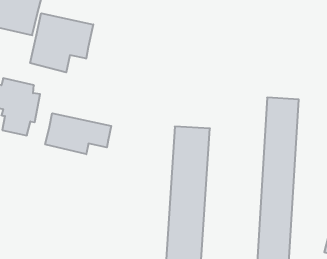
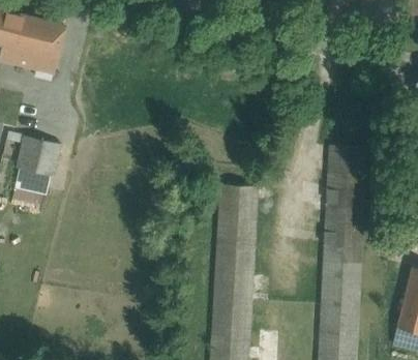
building: [30,13,93,72] -> none
building: [45,113,111,154] -> none

